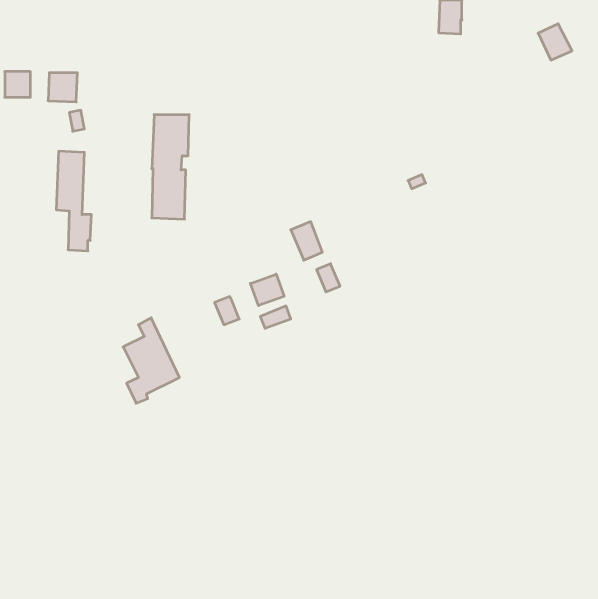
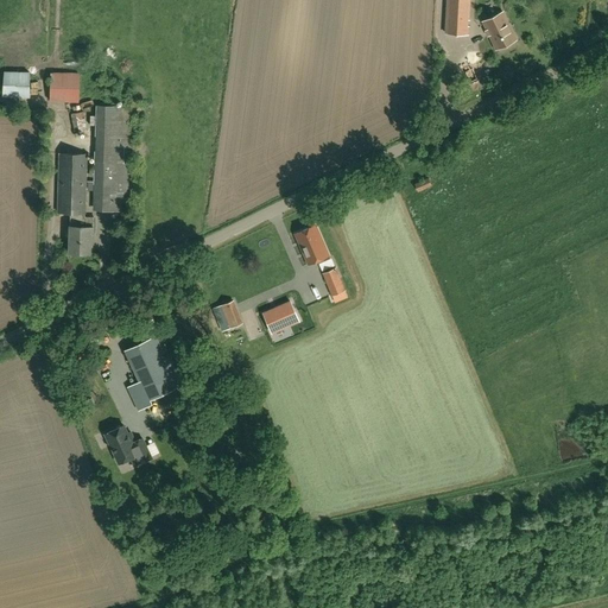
building: [538,24,572,60] -> [481,12,515,49]
building: [152,115,189,219] -> [93,106,131,211]
building: [250,274,284,306] -> none
building: none -> [104,425,151,466]

